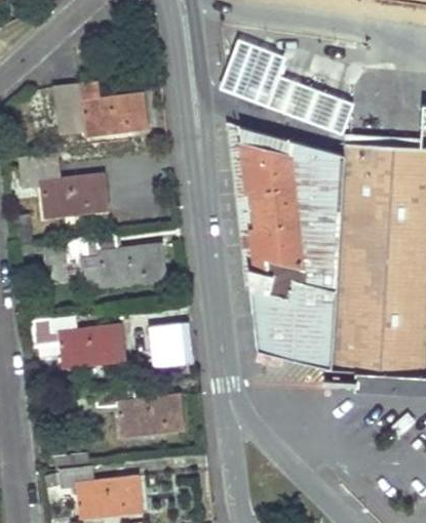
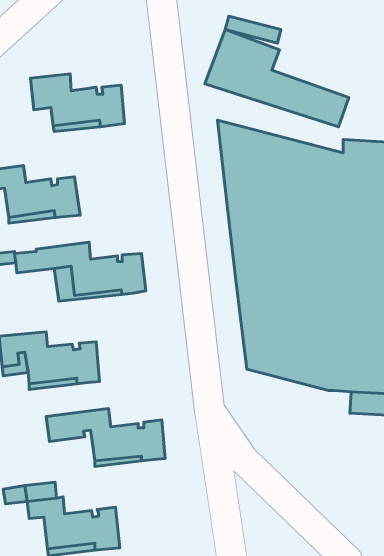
building: [152,323,196,367] -> none

